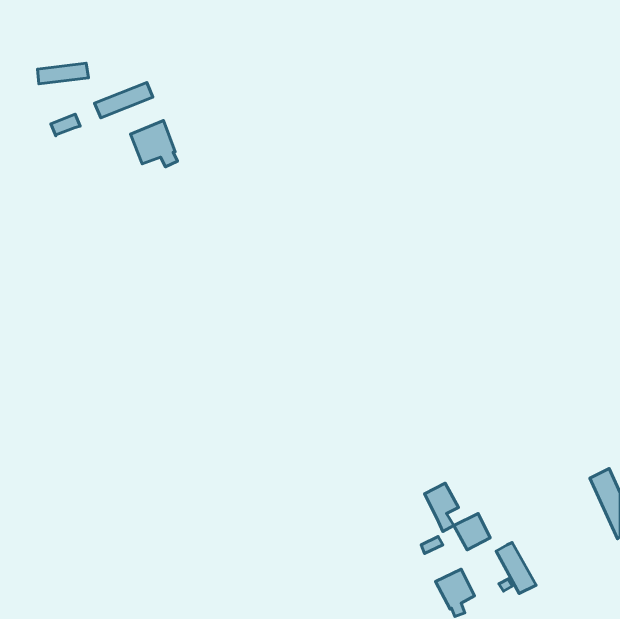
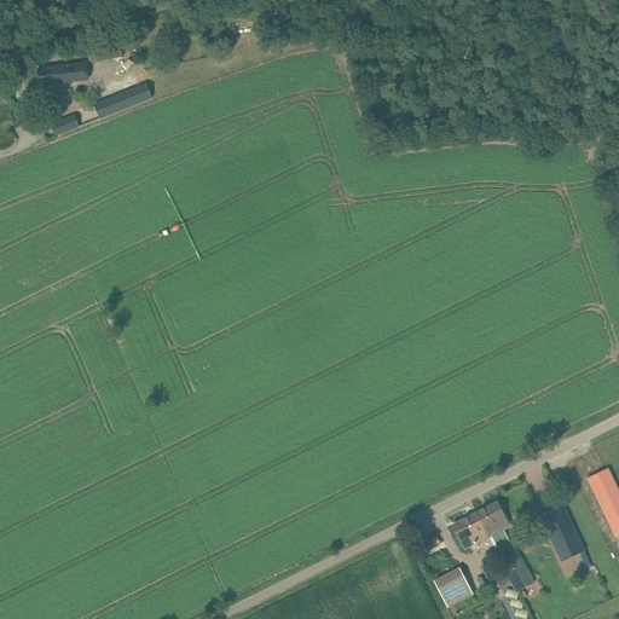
building: [131,120,177,167] -> none
building: [425,483,459,532] -> [476,501,510,549]
building: none -> [539,502,584,561]

